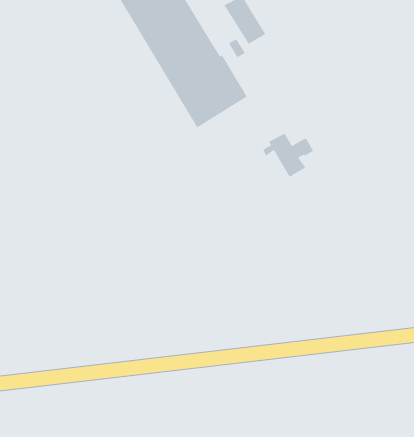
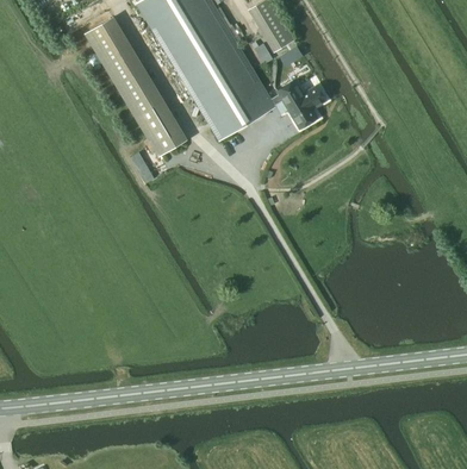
building: none -> [87,18,185,155]
building: [262,133,314,178] -> [270,81,325,129]

